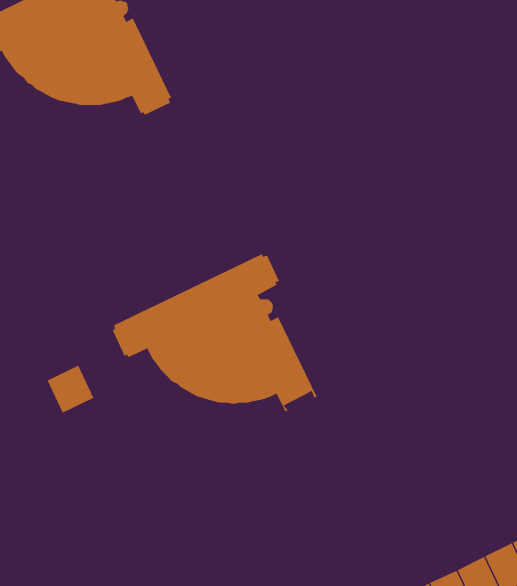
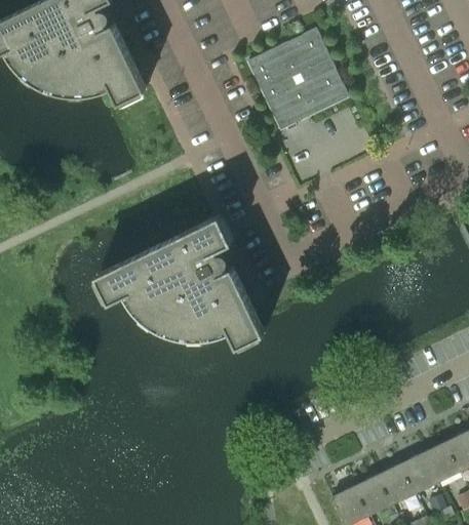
building: none -> [245,30,347,131]
building: [47,365,94,413] -> none

